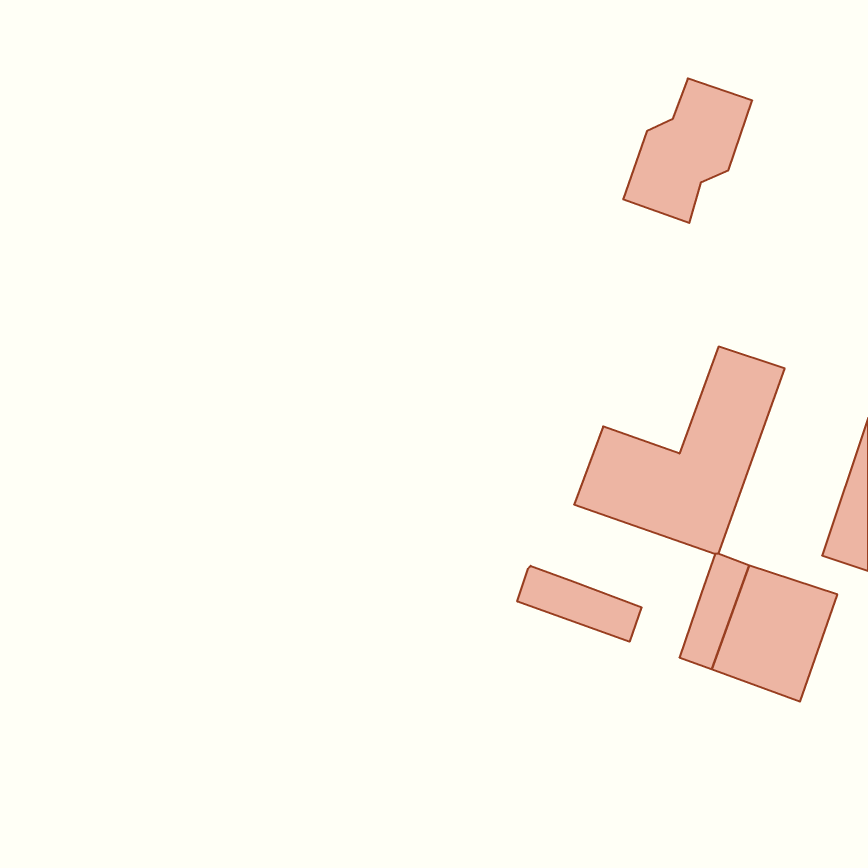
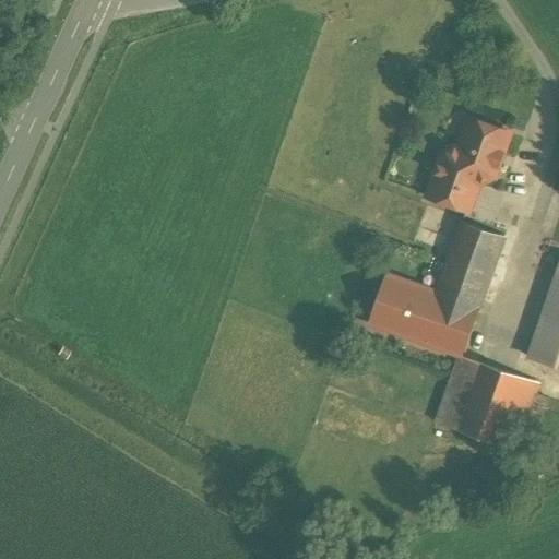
building: [623,78,752,223] -> [427,119,510,212]
building: [517,566,642,642] -> none

